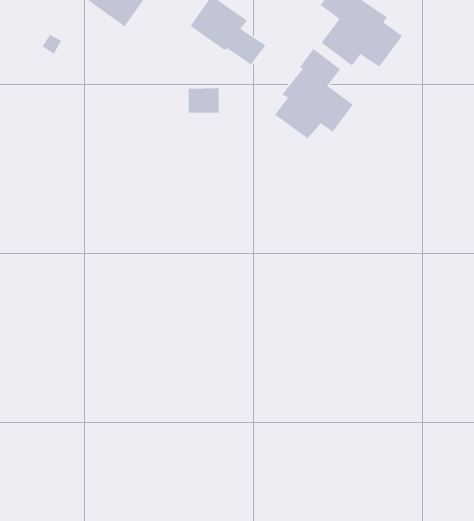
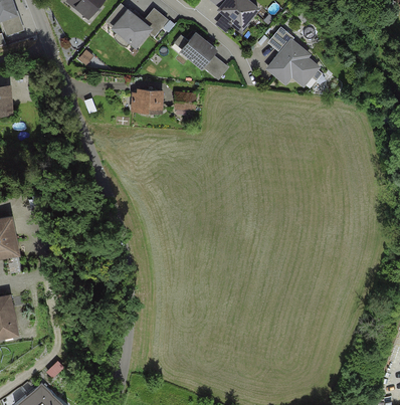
building: [274,48,354,140] -> none
building: none -> [131,87,164,113]

